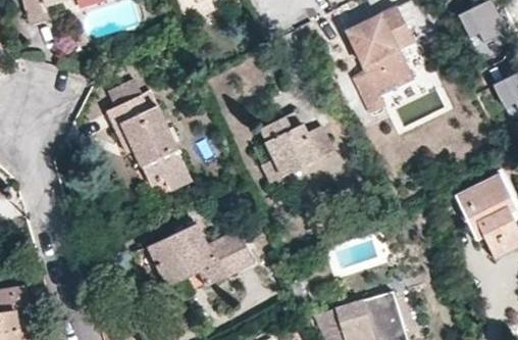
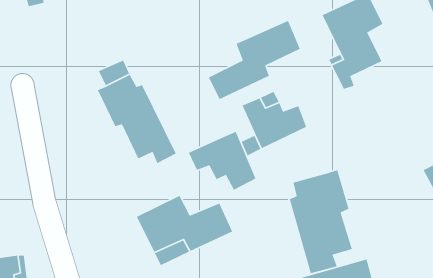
building: none -> [208,20,301,100]
building: none -> [188,131,257,191]
building: none -> [289,169,353,274]

